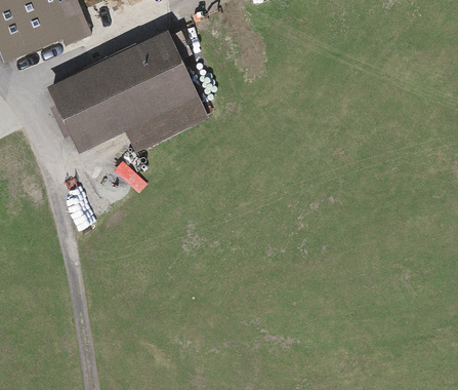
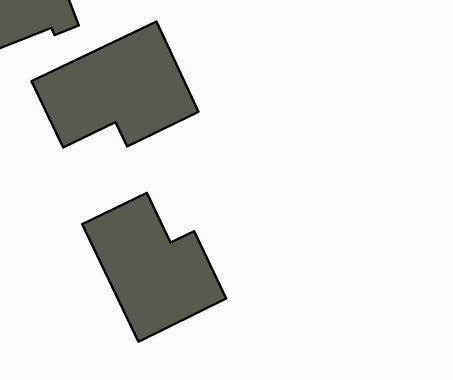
building: none -> [82,193,226,342]

